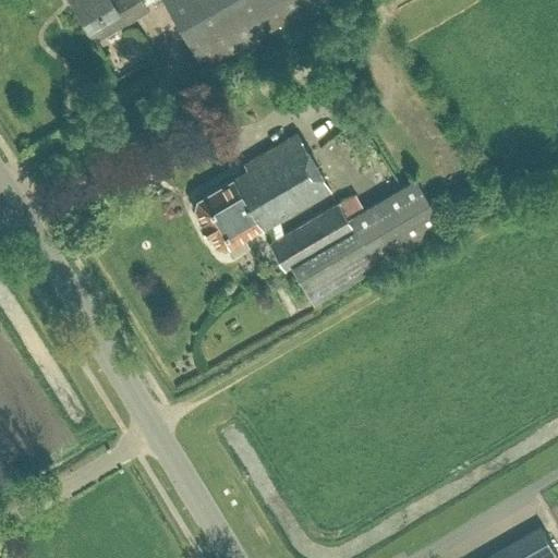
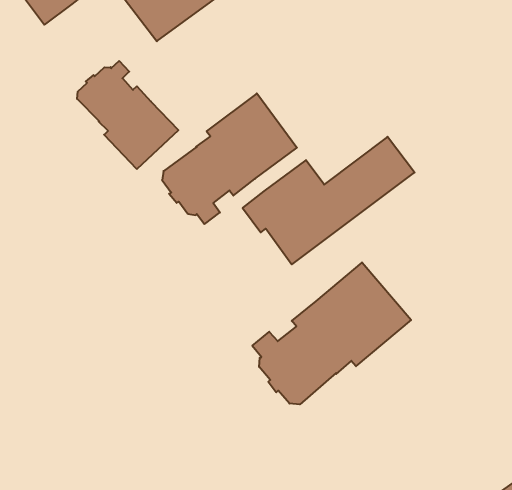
building: none -> [77,61,178,169]
building: none -> [252,262,411,404]

